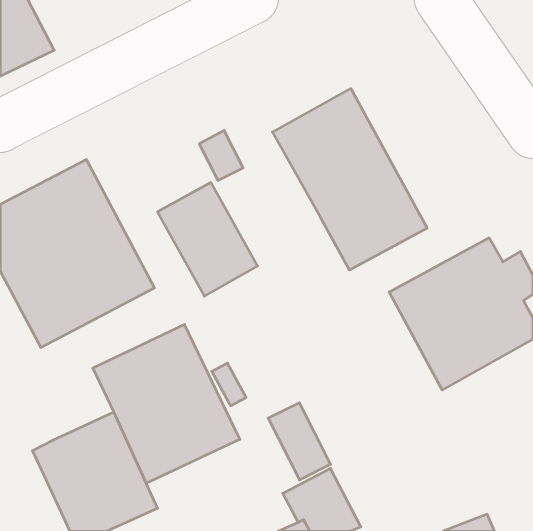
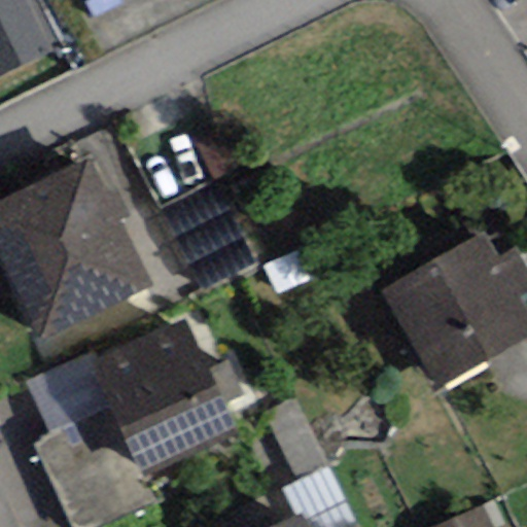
building: [272,89,427,270] -> none
building: none -> [27,352,112,434]

